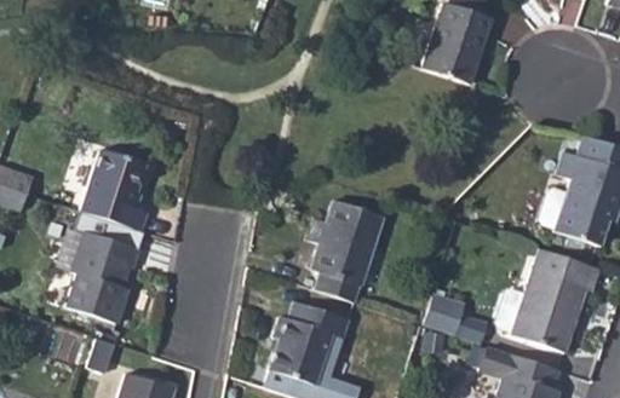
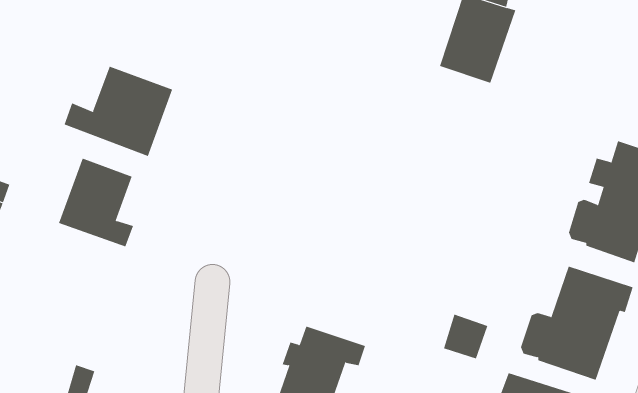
building: none -> [64,66,173,157]
building: [314,201,389,302] -> none
building: [67,209,144,327] -> none

